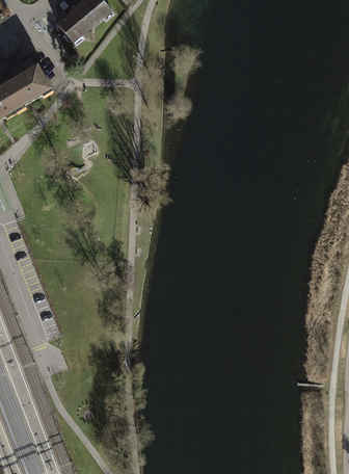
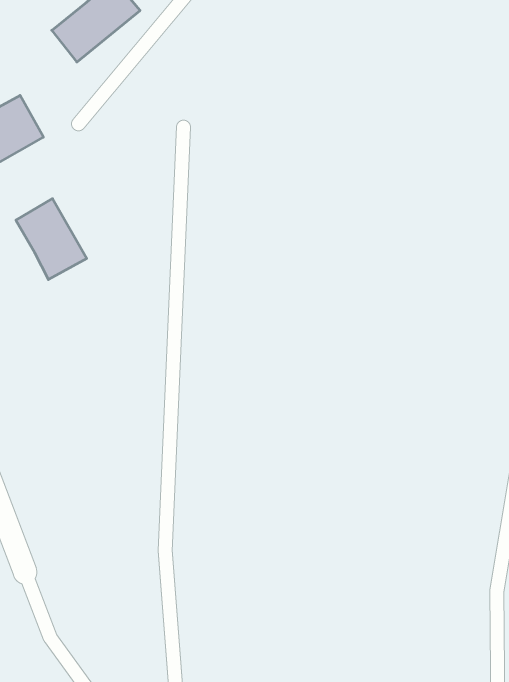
building: none -> [16,199,87,280]

